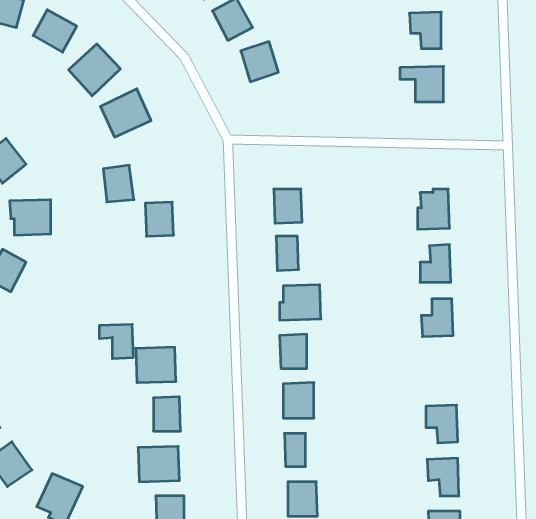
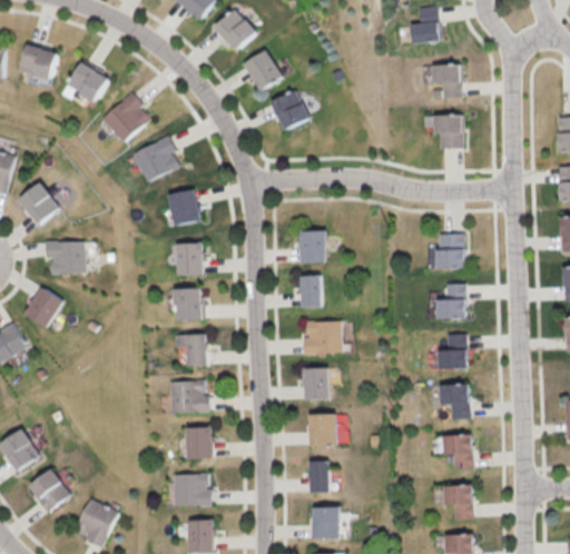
building: [103,165,134,202] -> [171,189,200,224]
building: none -> [174,287,203,320]
building: [99,324,133,359] -> [174,334,206,366]
building: none -> [440,384,469,418]

